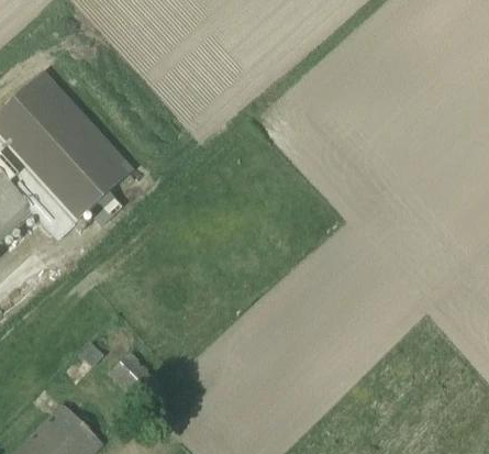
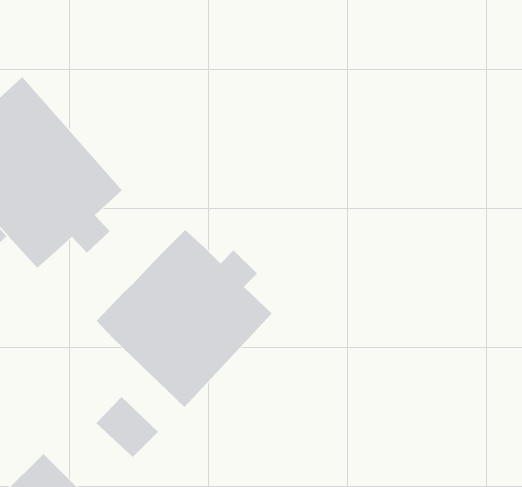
building: none -> [96,229,272,408]

